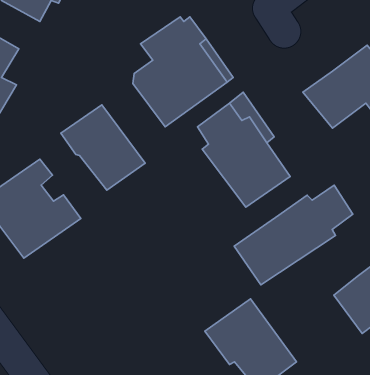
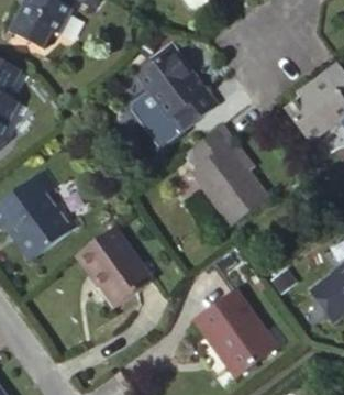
building: [61,105,145,190] -> [75,233,149,309]
building: [234,185,353,285] -> none

